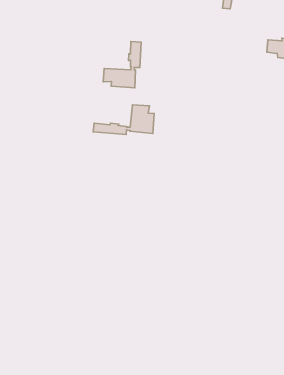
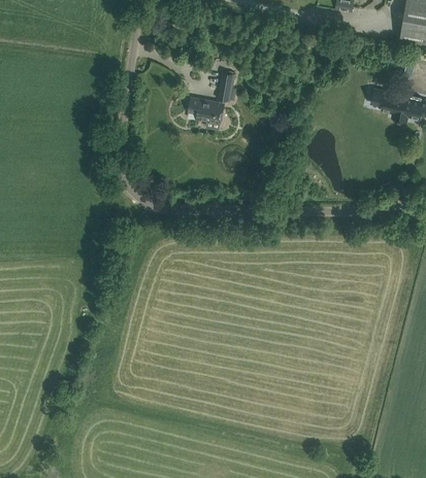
building: [93,105,154,135] -> none

